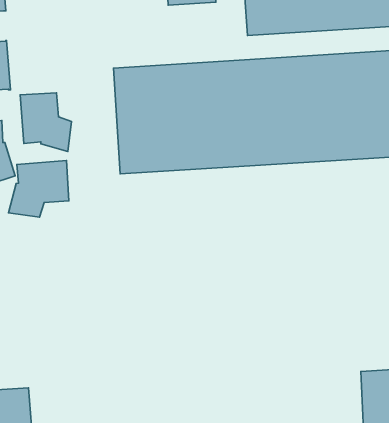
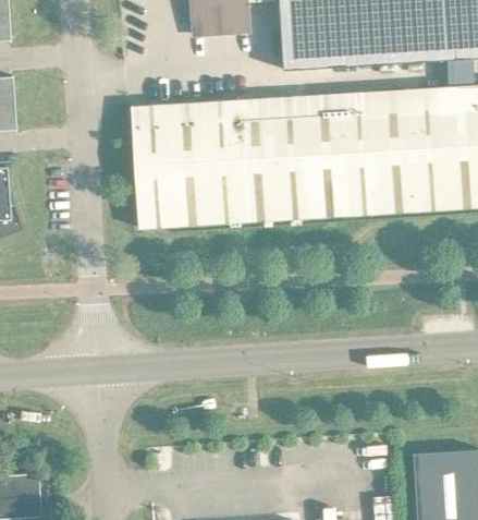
building: [20,93,72,152] -> none
building: [9,161,69,217] -> none

